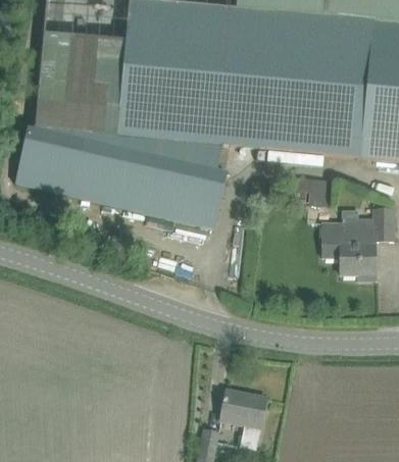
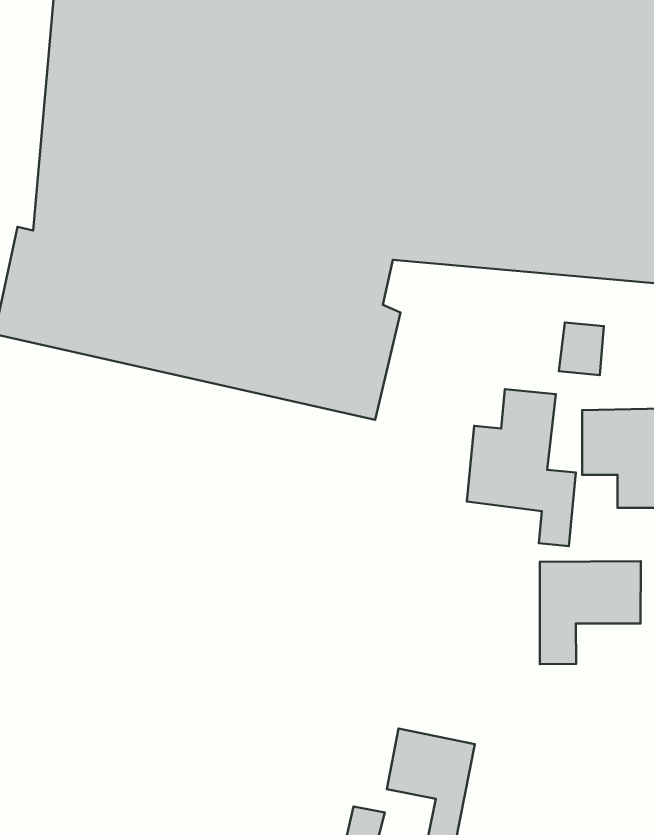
building: none -> [467,389,576,546]
building: none -> [540,561,641,664]

